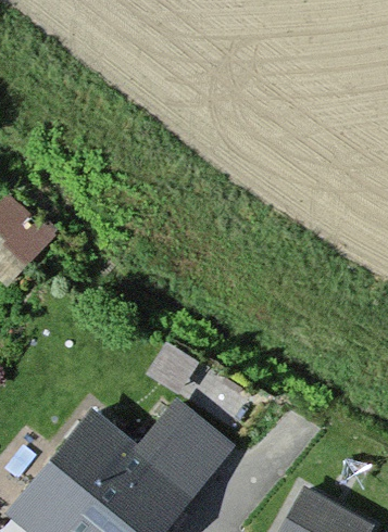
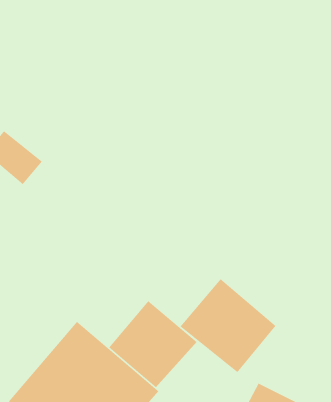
building: none -> [179,278,277,373]

